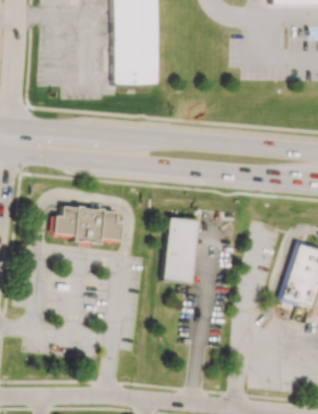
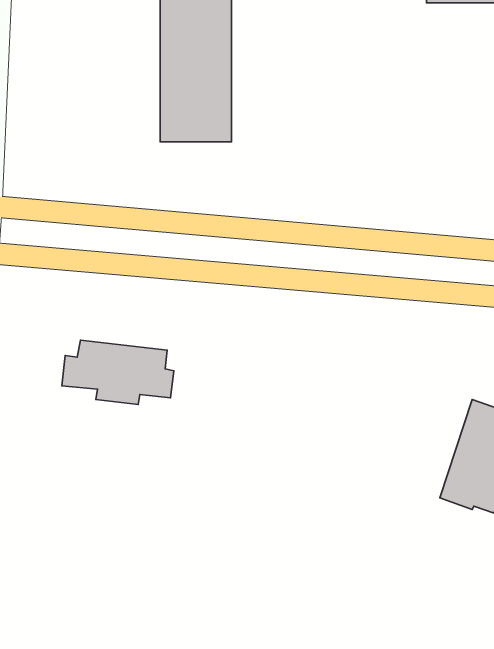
building: [163,215,199,282] -> none

